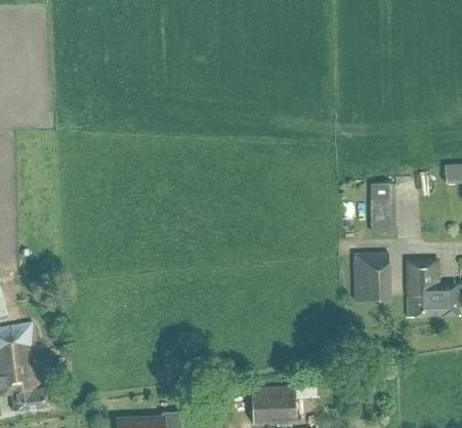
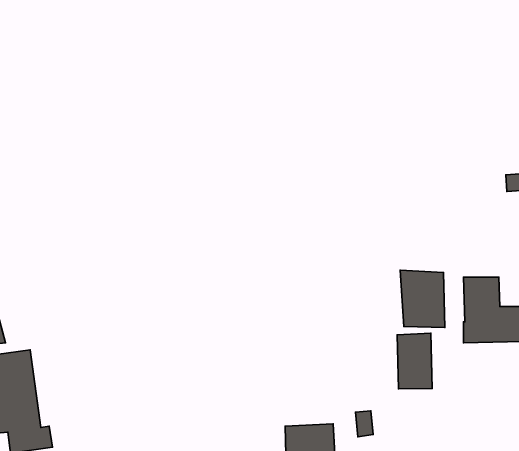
building: [368,183,394,233] -> none
building: none -> [397,333,432,389]

